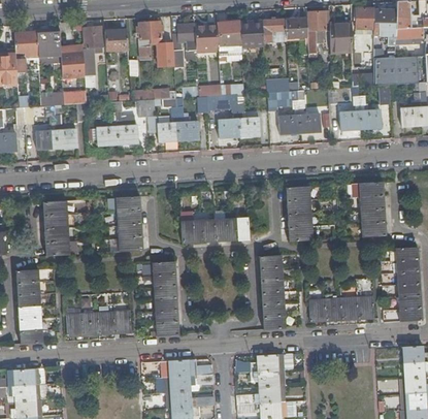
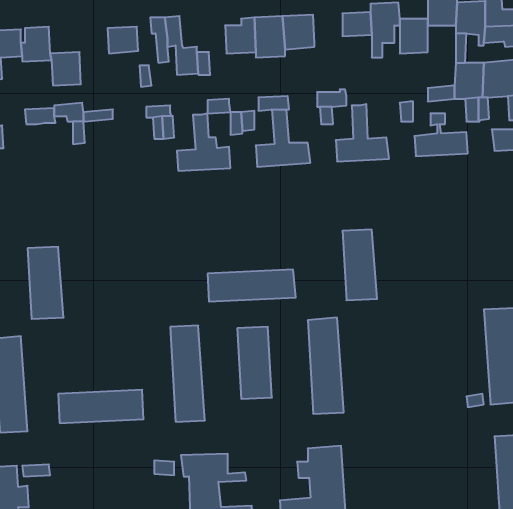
building: [263,19,287,41] -> none
building: [178,23,197,60] -> none
building: [83,27,102,75] -> none
building: [97,100,138,144] -> none
building: [36,108,77,149] -> none
building: [353,181,387,236] -> none
building: [117,195,143,251] -> [237,327,272,399]
building: [310,295,375,322] -> none

